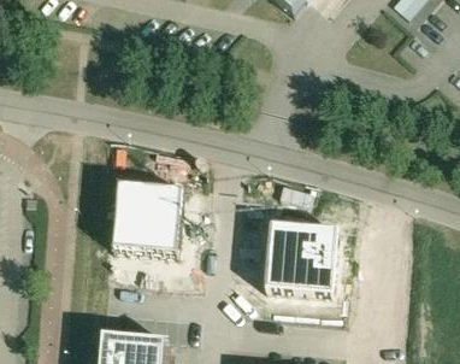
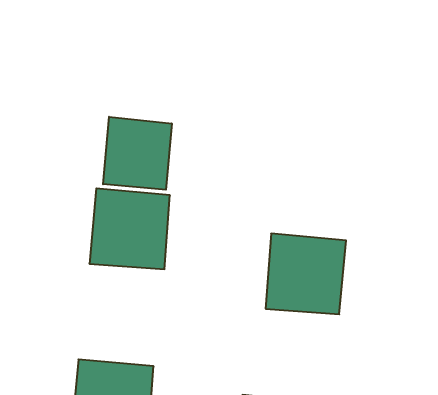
building: none -> [103,117,172,190]

